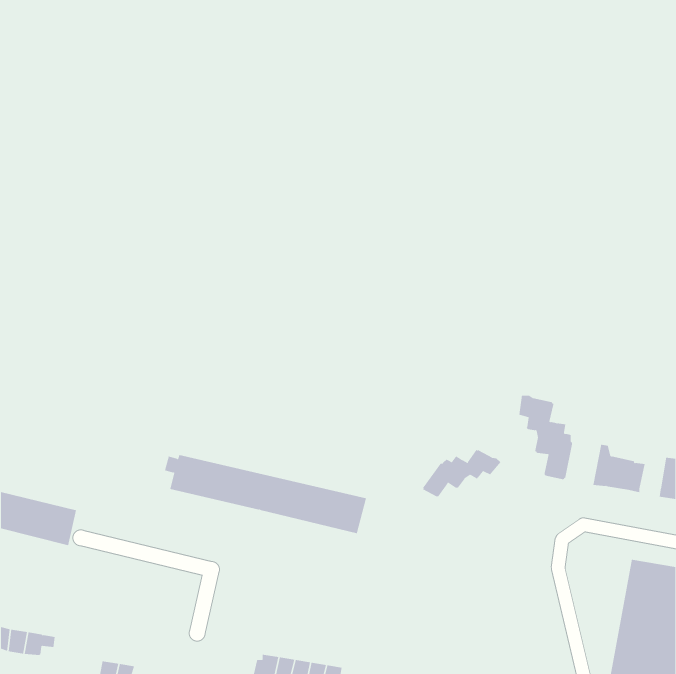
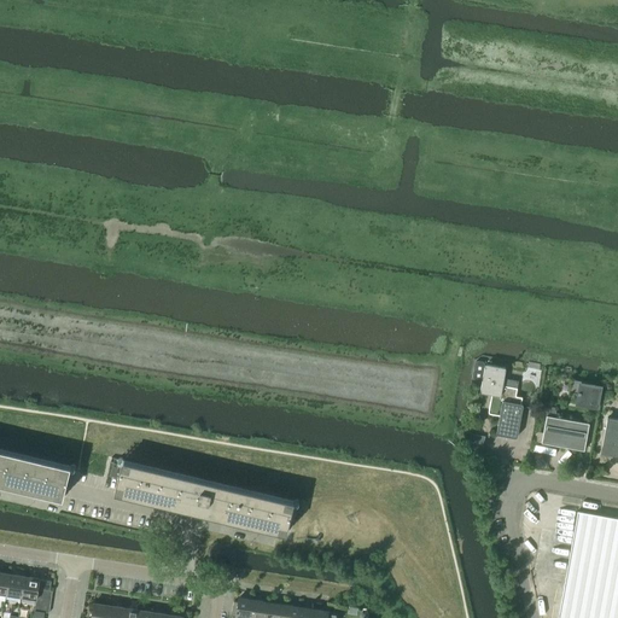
building: none -> [569,380,601,408]
building: [422,449,501,497] -> none
building: [164,455,367,534] -> [110,462,295,535]

